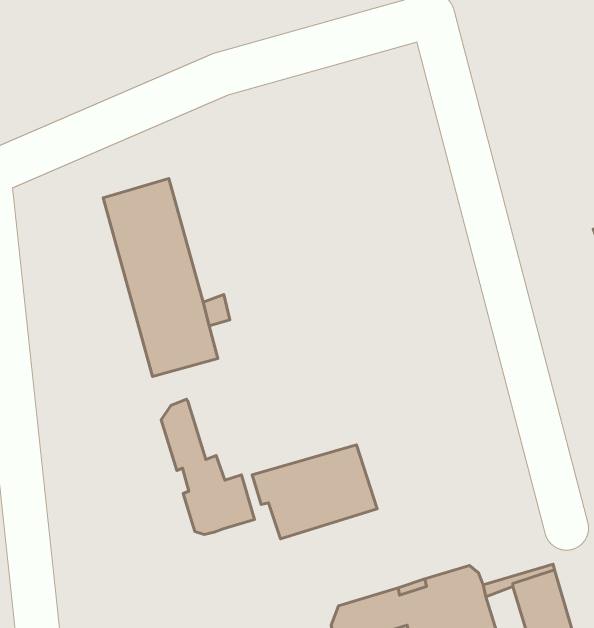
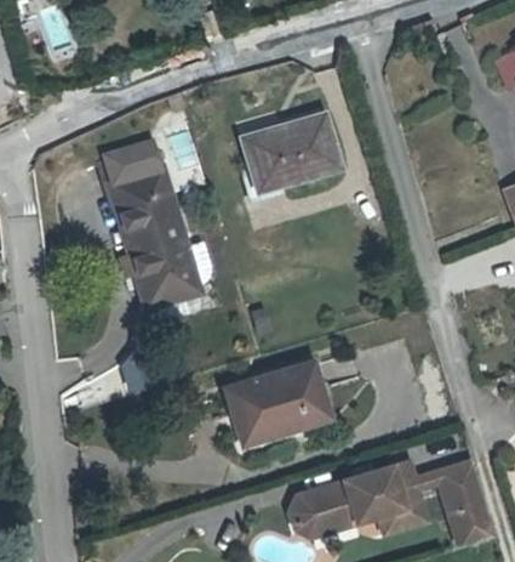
building: none -> [241,114,337,191]
building: [161,399,255,535] -> none

